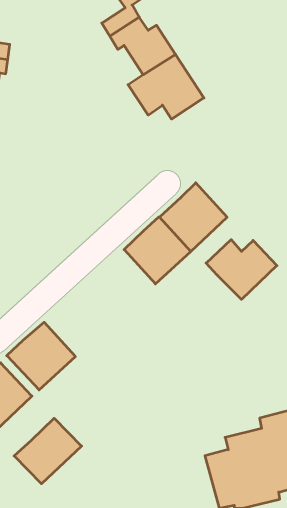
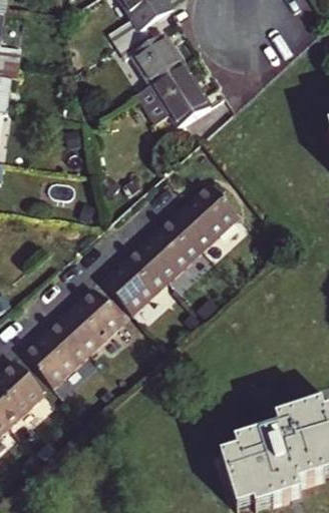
building: [206,240,277,299] -> none
building: none -> [102,247,169,315]
building: none -> [58,287,125,354]
building: [14,418,82,484] -> none

